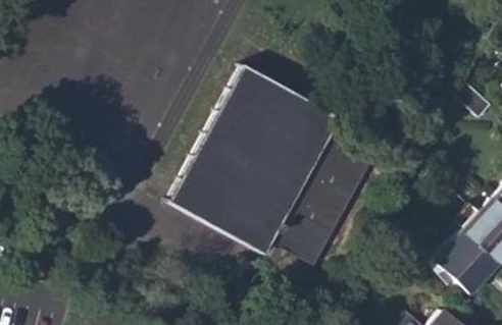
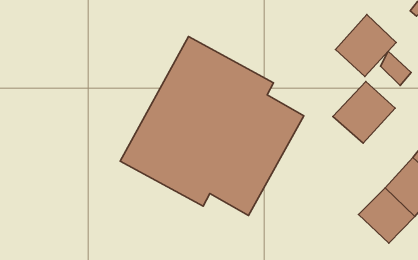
building: none -> [336,15,396,76]
building: none -> [333,82,395,143]

